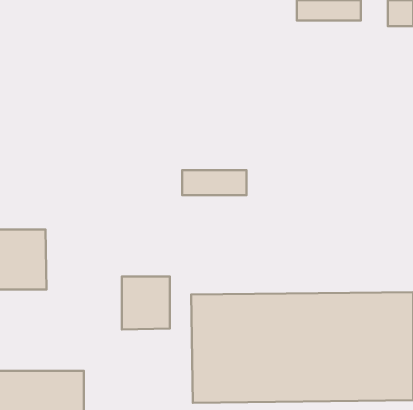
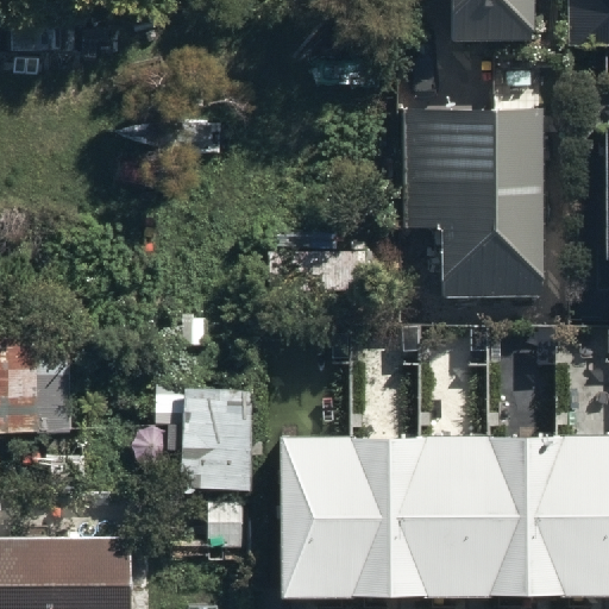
building: none -> [440,107,546,297]

